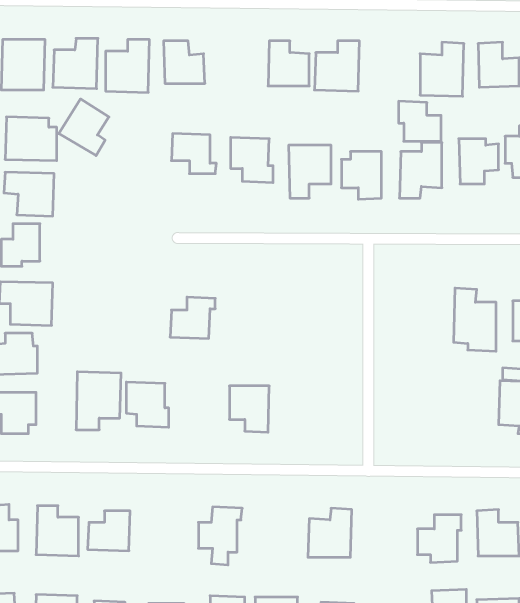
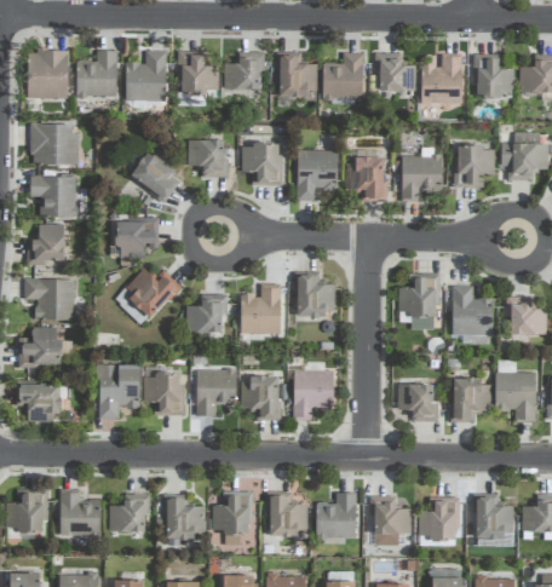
building: none -> [225,51,265,88]
building: [59,99,109,156] -> [132,145,179,198]
building: [399,101,441,141] -> [375,52,415,90]
building: none -> [117,219,159,258]
building: none -> [123,267,182,316]
building: none -> [297,272,335,316]
building: none -> [399,274,441,329]
building: none -> [241,283,282,333]
building: none -> [197,369,237,415]
building: none -> [294,370,334,420]
building: none -> [452,379,491,421]
building: none -> [398,384,438,421]
building: none -> [268,491,307,534]
building: none -> [166,494,205,539]
building: none -> [373,496,410,545]

